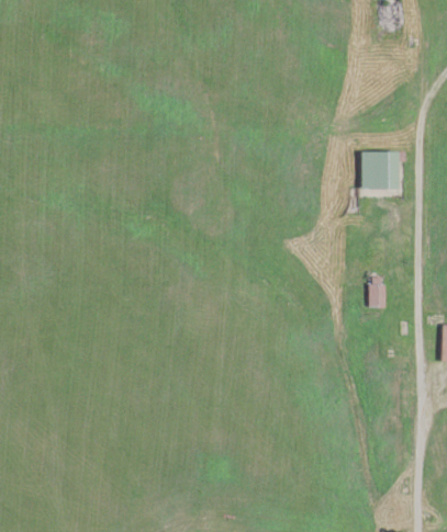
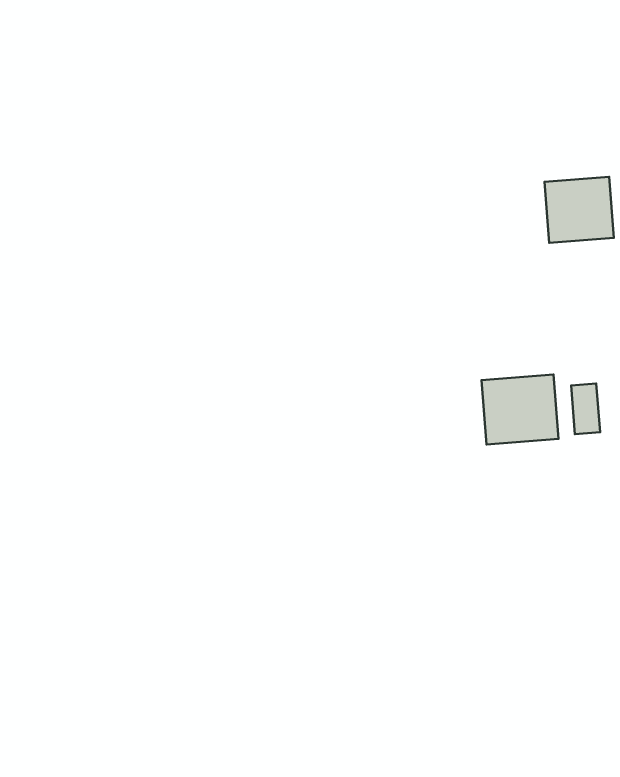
building: none -> [481,375,558,445]

